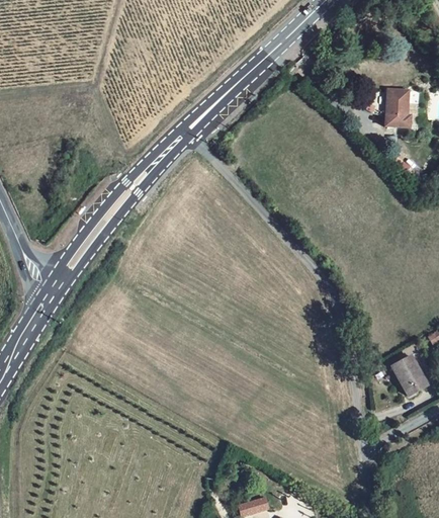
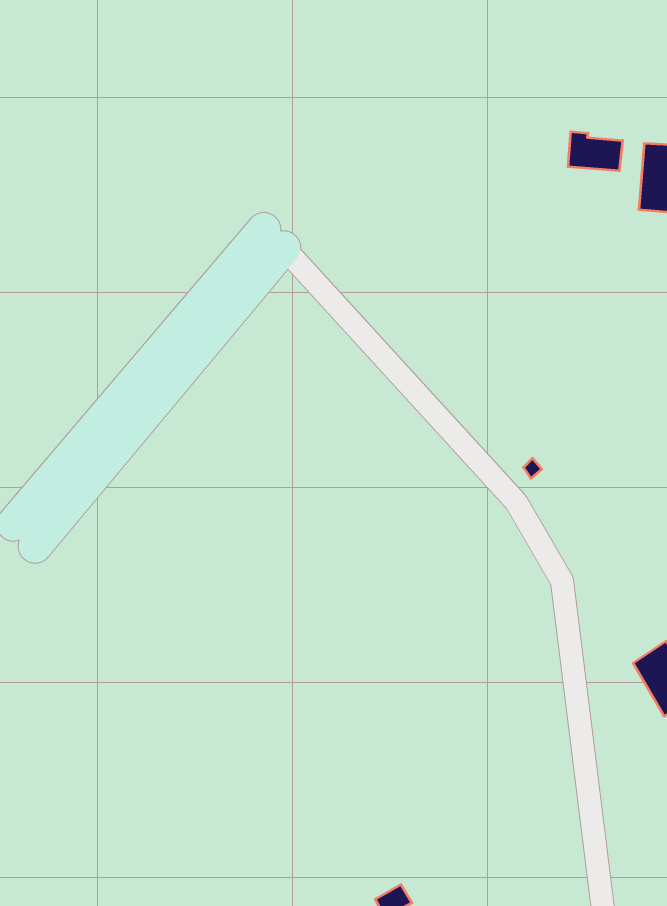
building: none -> [568,132,623,171]

